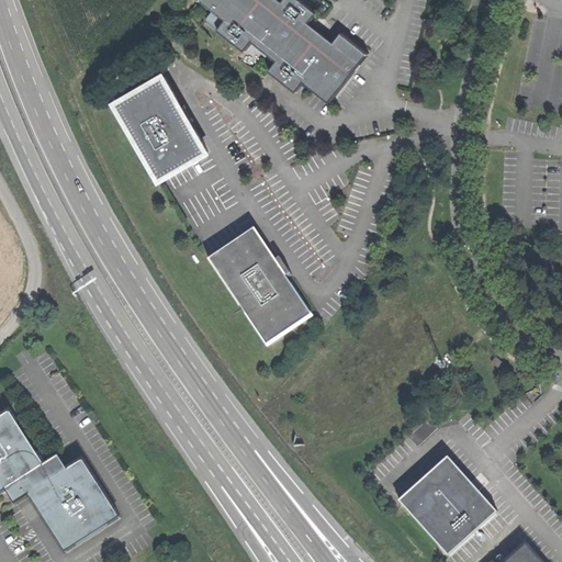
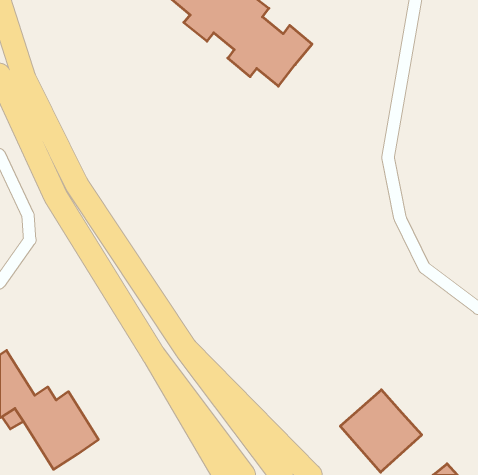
building: [113,76,204,179] -> none
building: [207,227,310,342] -> none

